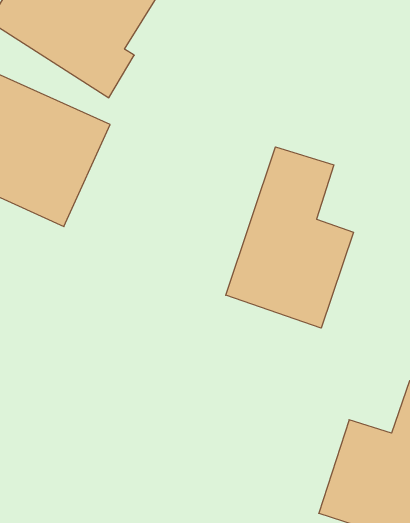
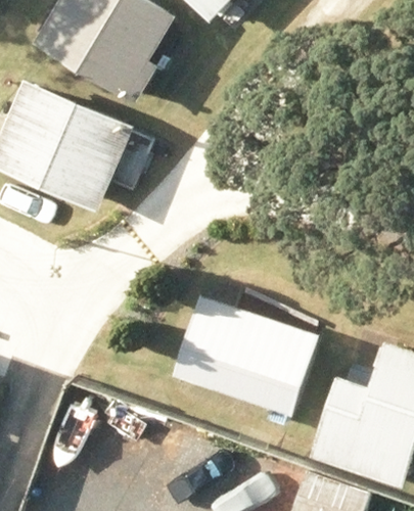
building: [226,147,354,328] -> none
building: none -> [172,295,321,416]

